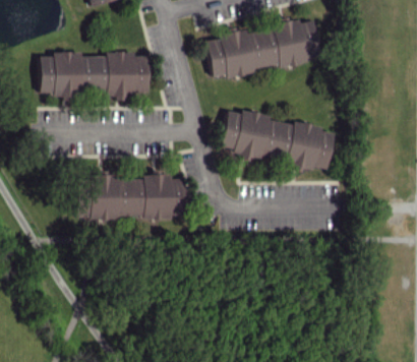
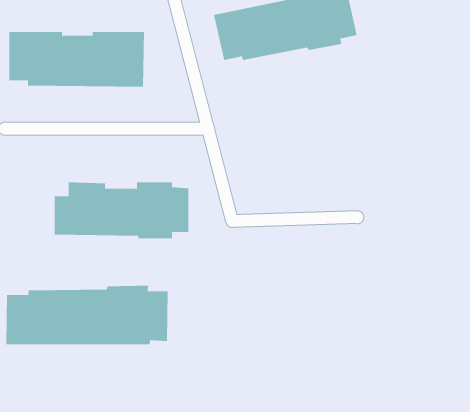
building: [220,111,335,173] -> none
building: none -> [6,285,168,345]

